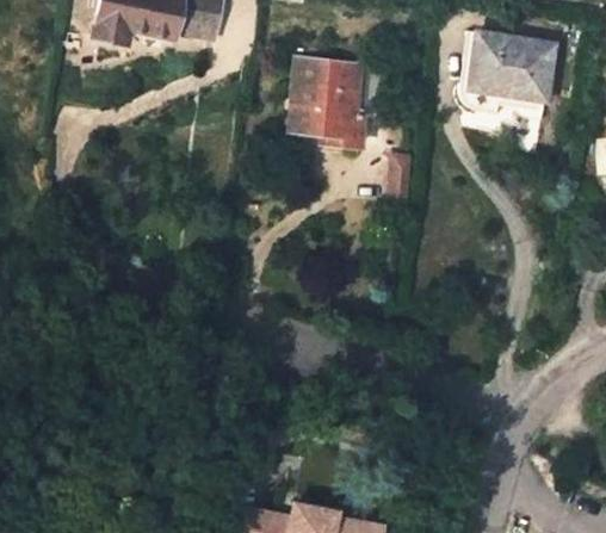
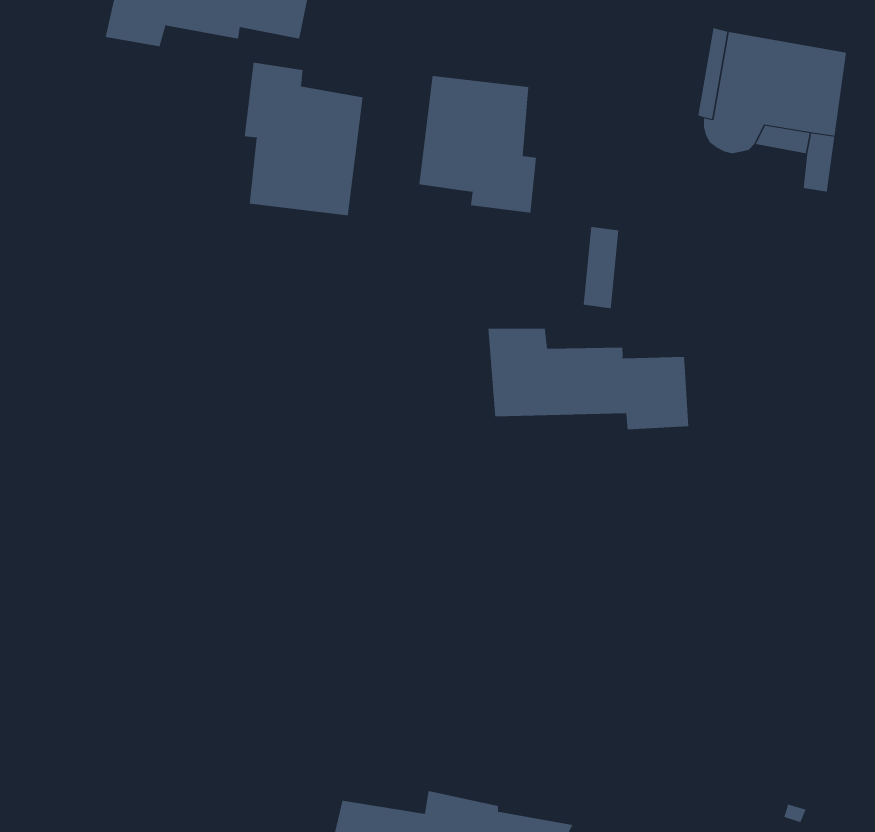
building: none -> [244,62,363,216]
building: none -> [488,328,689,430]

